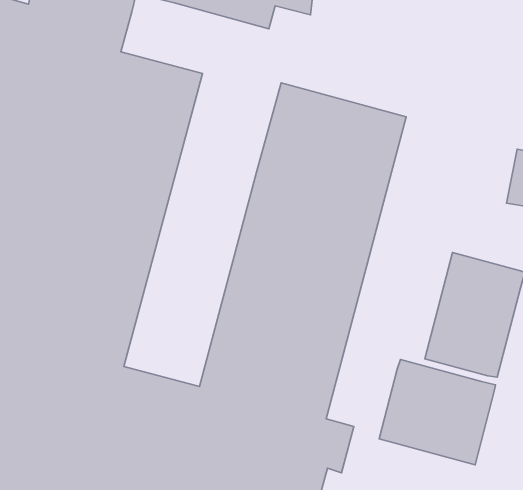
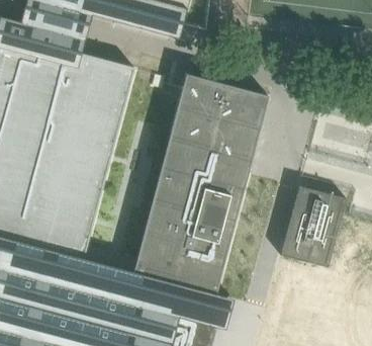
building: [379,360,496,465] -> none

